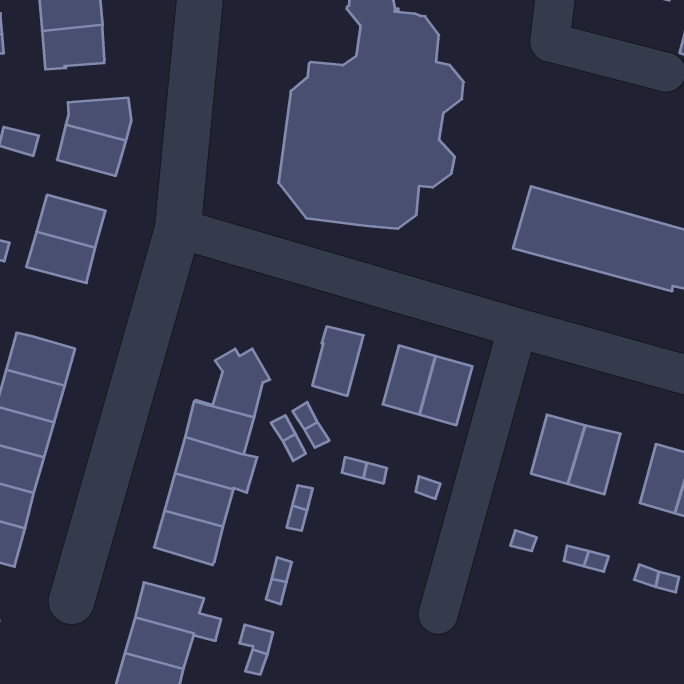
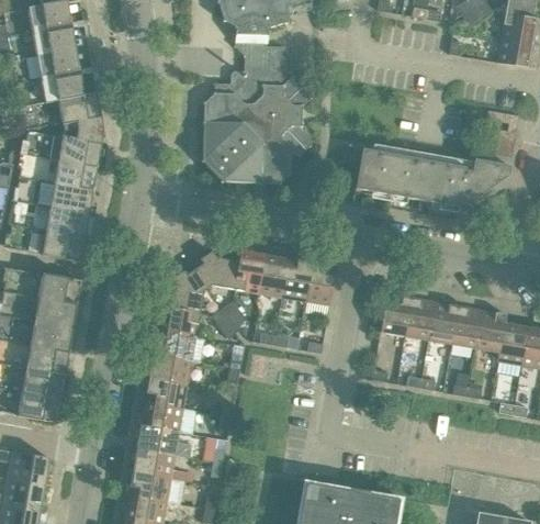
building: none -> [57,90,100,122]
building: none -> [54,159,97,189]
building: none -> [41,230,85,260]
building: none -> [194,246,240,288]
building: none -> [258,253,288,296]
building: none -> [428,300,458,343]
building: none -> [139,401,196,433]

